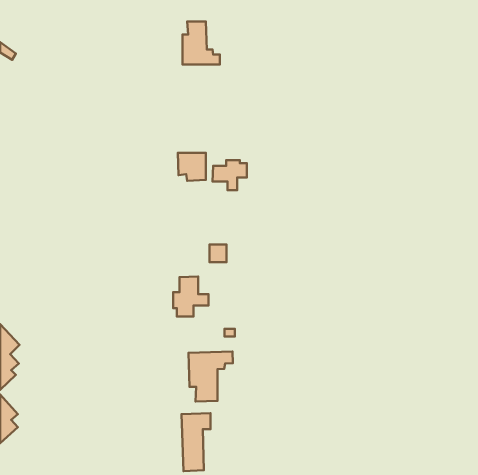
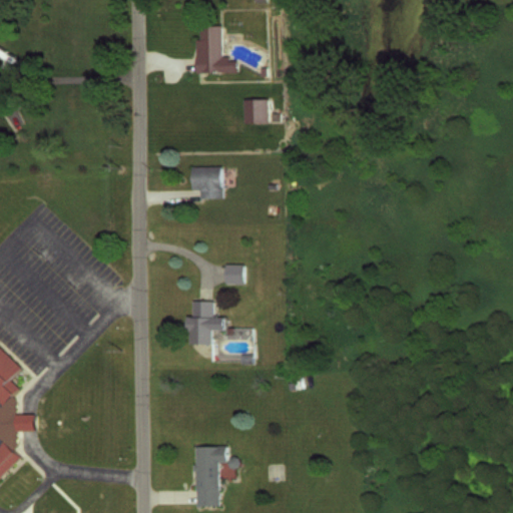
building: none -> [241,100,268,123]
building: [212,160,247,190] -> none
building: [188,352,233,402] -> none

